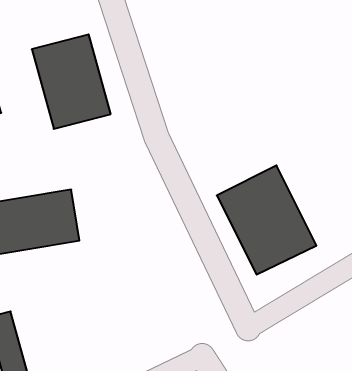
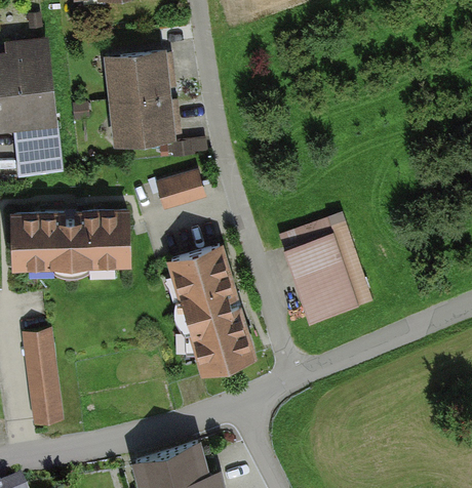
building: none -> [156,174,208,211]
building: none -> [163,246,249,370]

